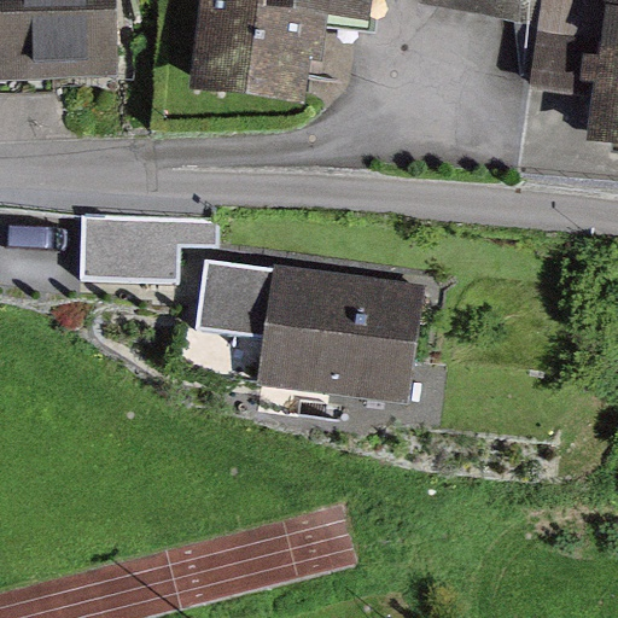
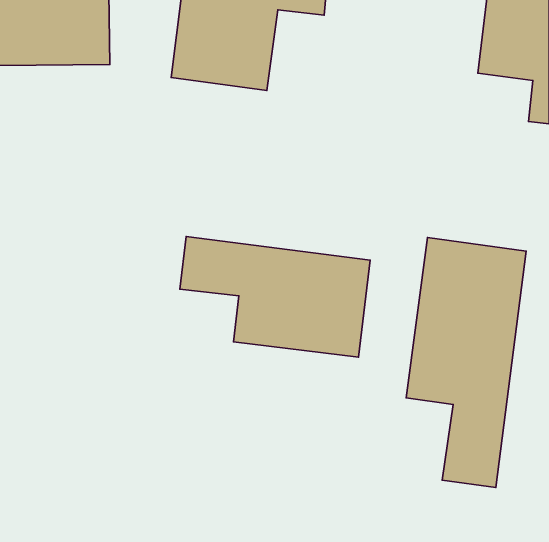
building: [82,215,216,279] -> none
building: none -> [406,238,526,488]

